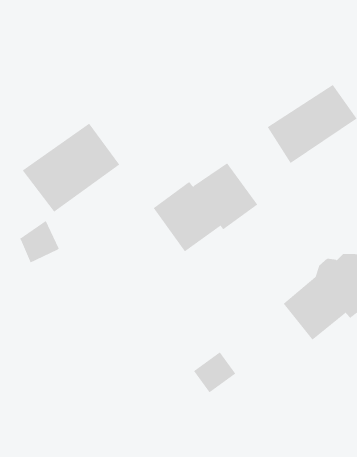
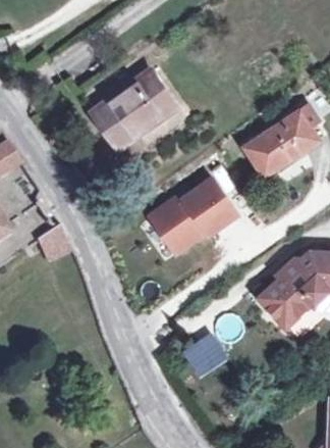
building: [22,123,120,212] -> [94,72,175,147]

